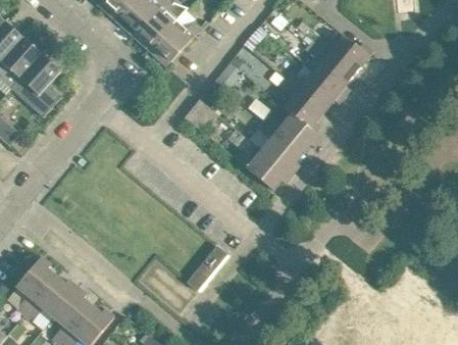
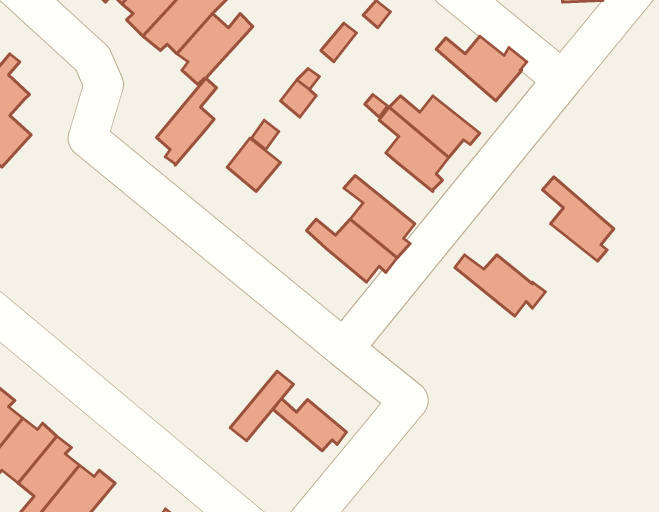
building: [309,43,354,96] -> [542,177,614,261]
building: none -> [157,78,216,165]
building: [265,114,322,153] -> [455,255,546,316]
building: none -> [273,399,347,451]

